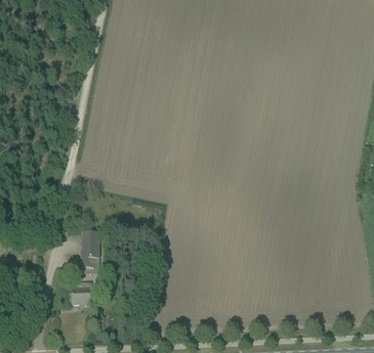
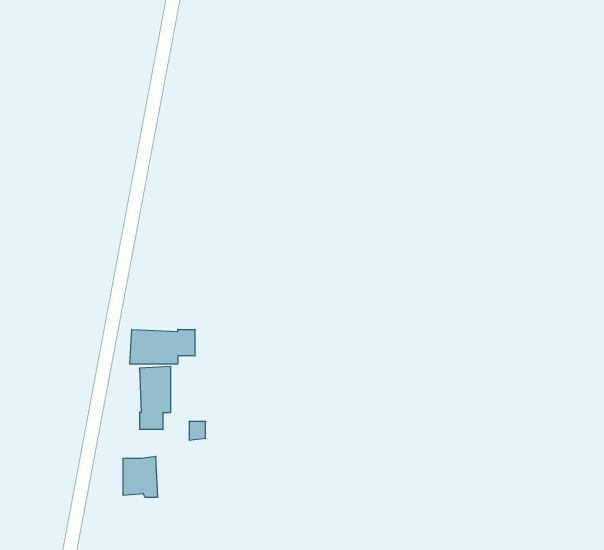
building: none -> [130,329,195,364]

